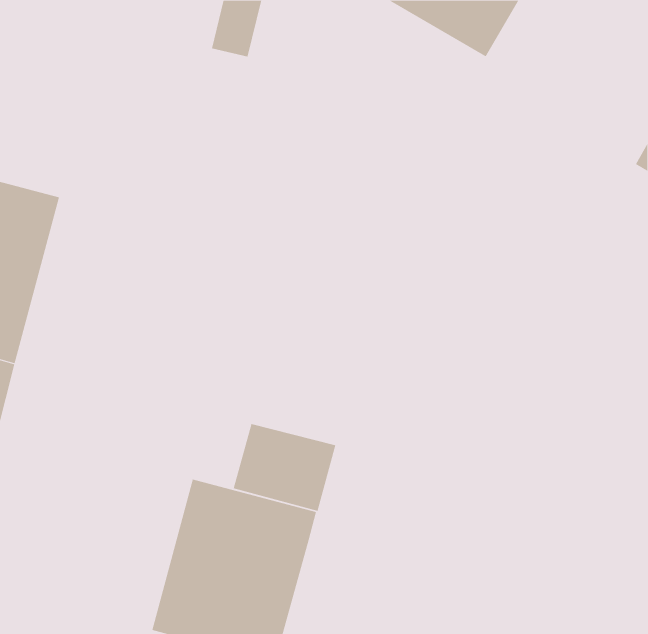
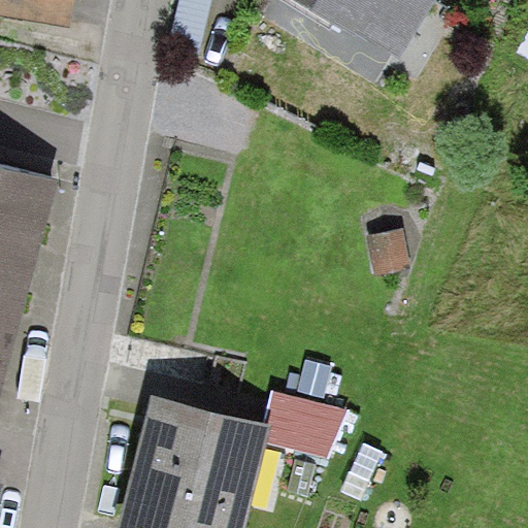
building: [233,424,336,511] -> [262,389,345,460]

